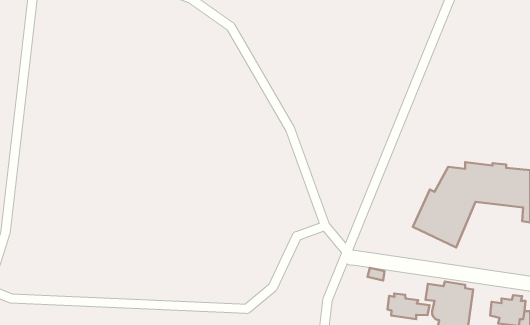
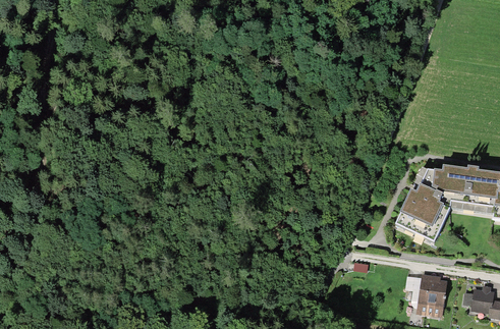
building: [387,293,429,319] -> none

